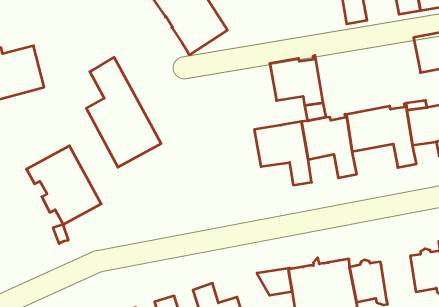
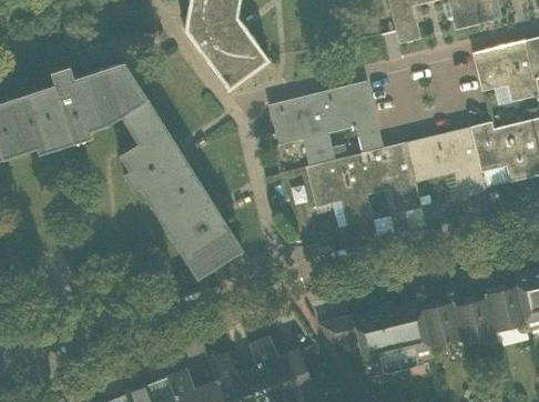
building: none -> [52,61,146,135]
building: none -> [268,93,334,164]
building: [26,146,101,225] -> [159,189,243,275]
building: none -> [454,297,496,344]

